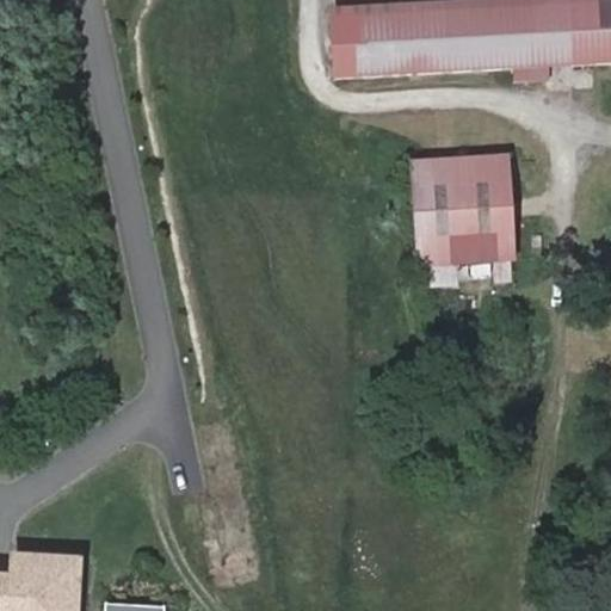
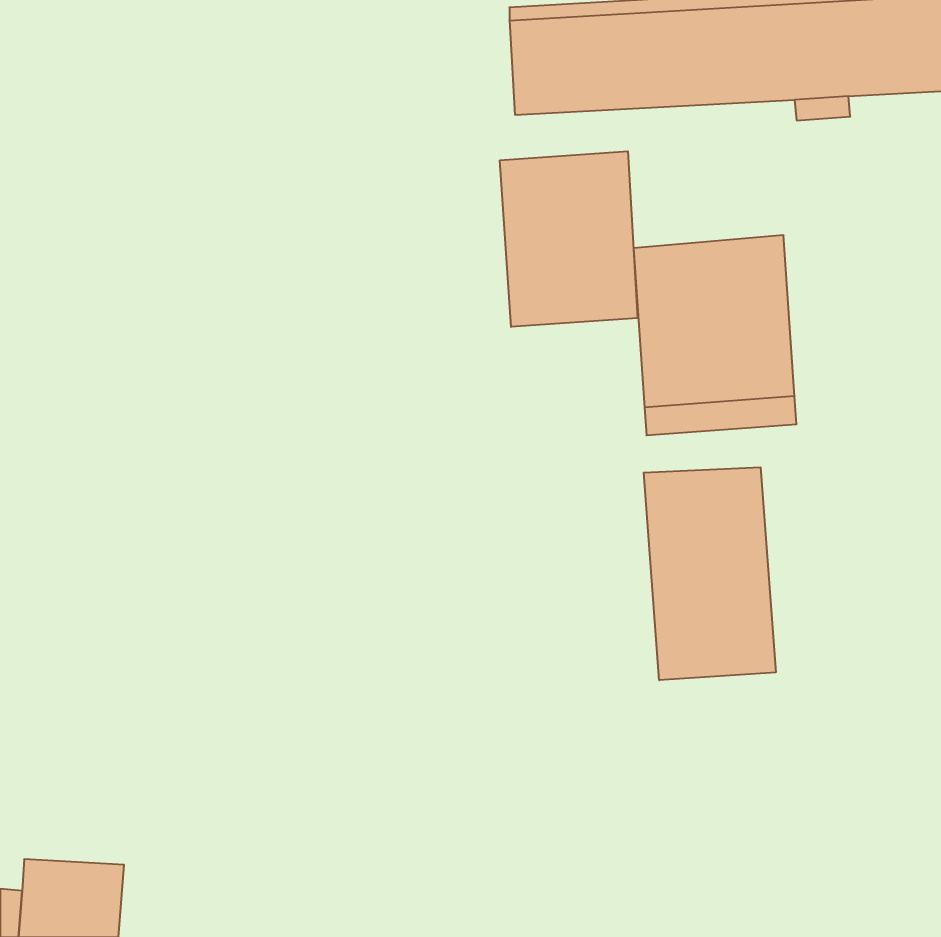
building: none -> [500,151,638,327]
building: none -> [644,467,776,680]

